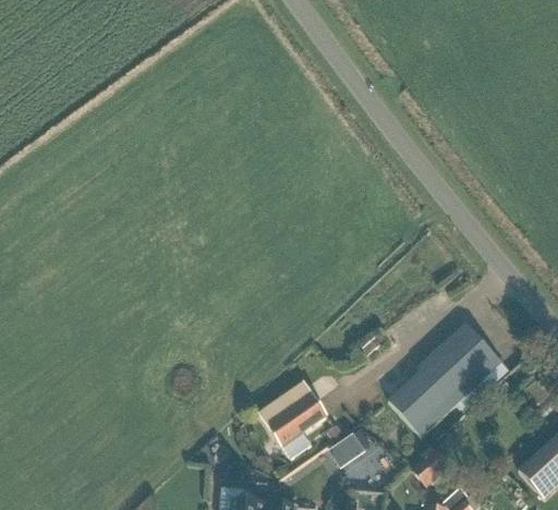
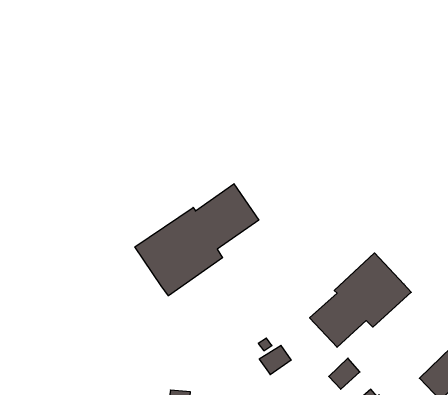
building: none -> [135,184,259,296]
building: [259,381,327,445] -> none

